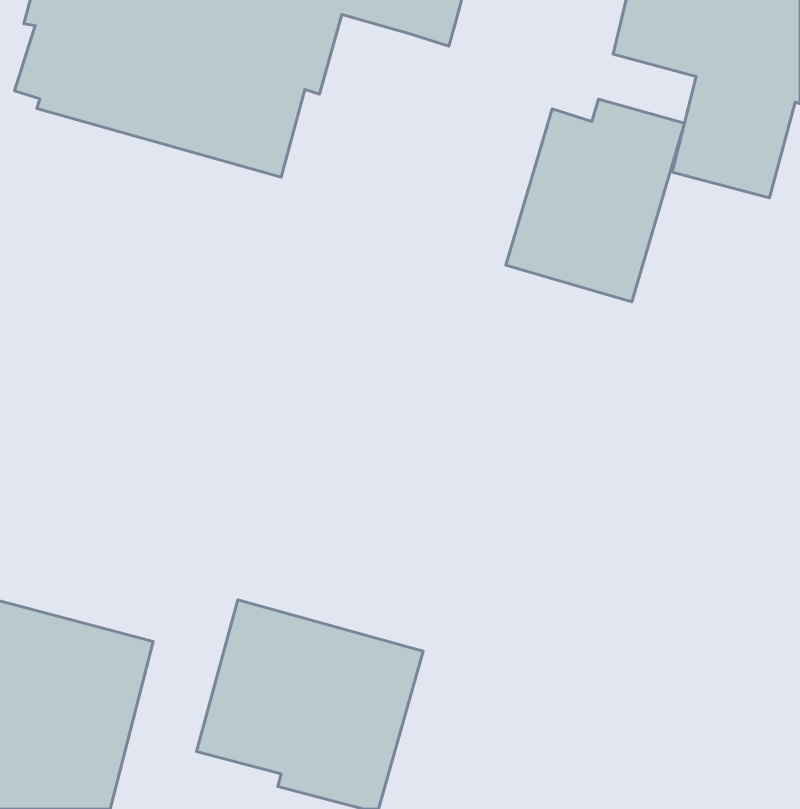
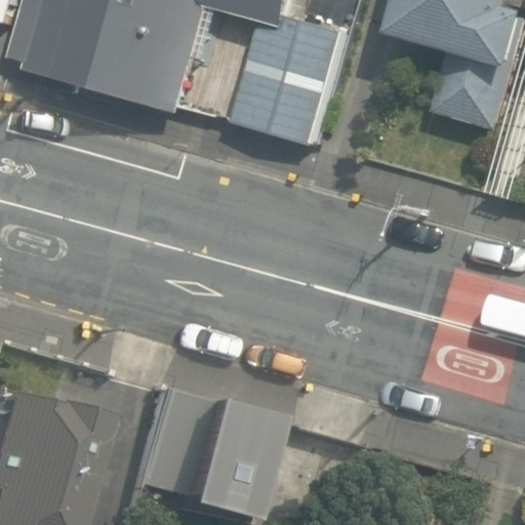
building: [506,99,685,302] -> [233,15,348,146]

